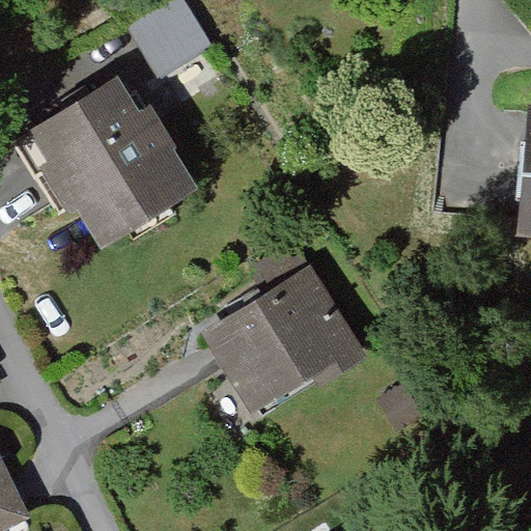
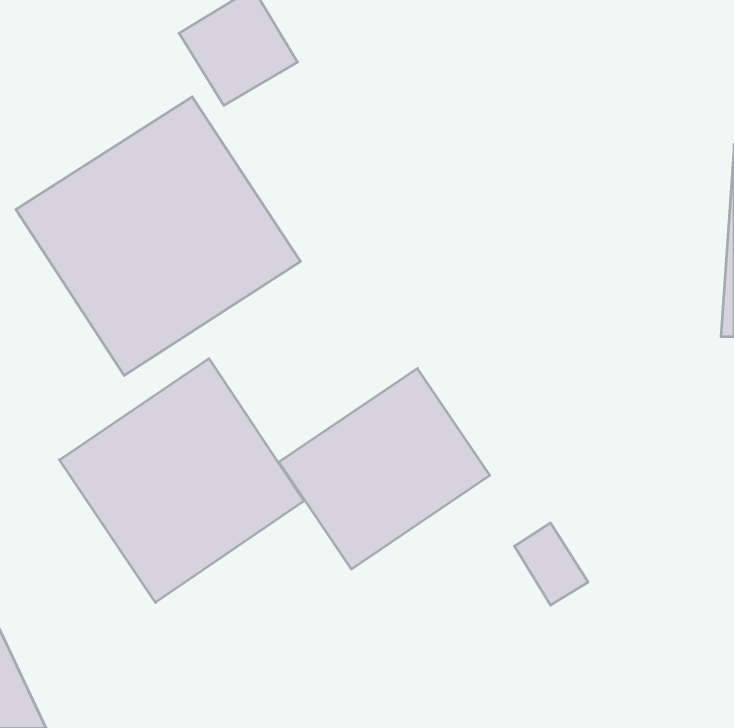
building: none -> [59,359,304,603]

